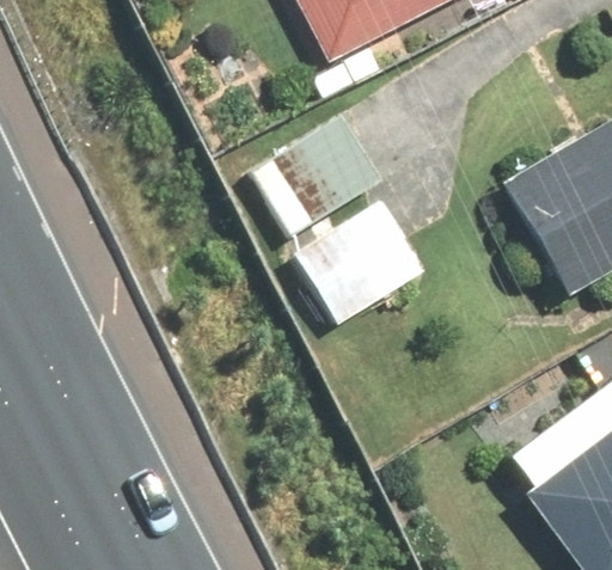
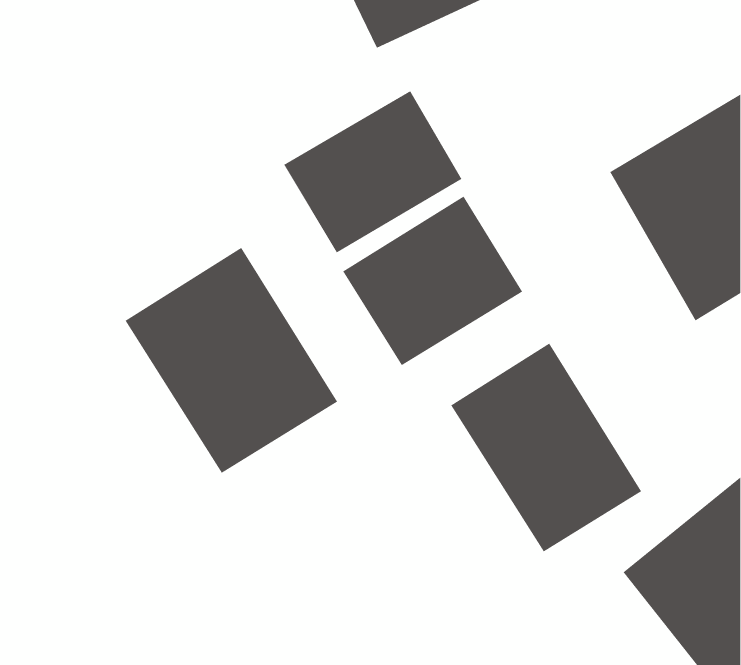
building: none -> [124,247,338,474]
building: none -> [450,343,642,553]

